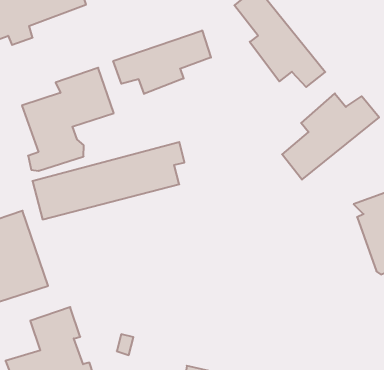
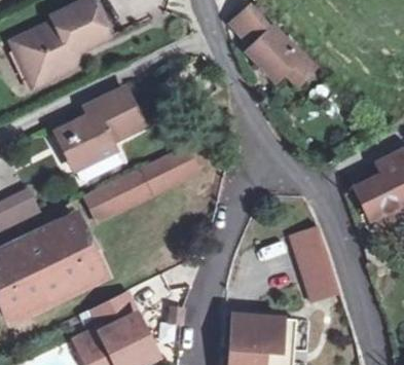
building: [113,30,211,94] -> none
building: [282,93,379,180] -> none
building: none -> [291,225,340,302]

